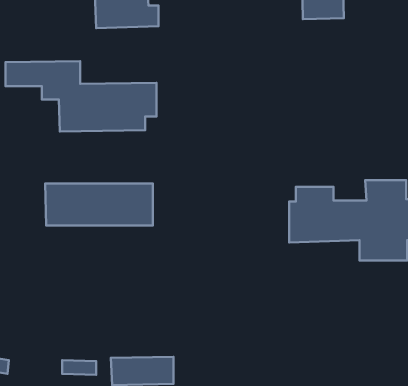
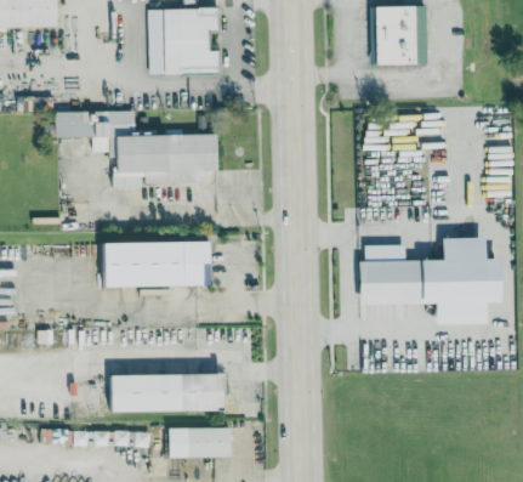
building: none -> [108,374,224,413]

